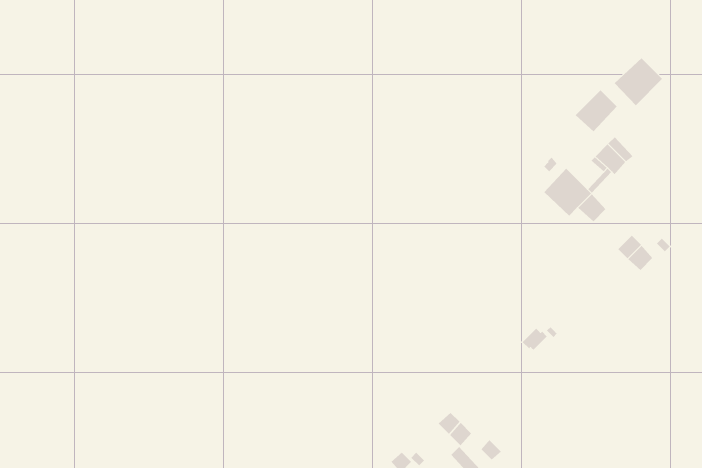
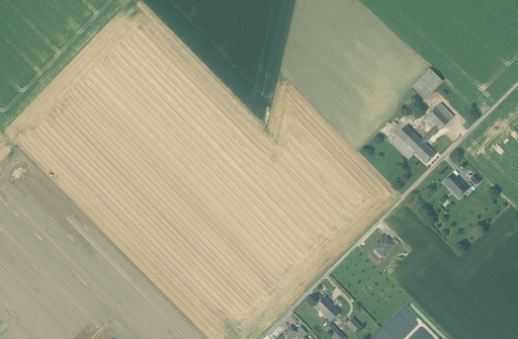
building: [614,57,663,106] -> none

